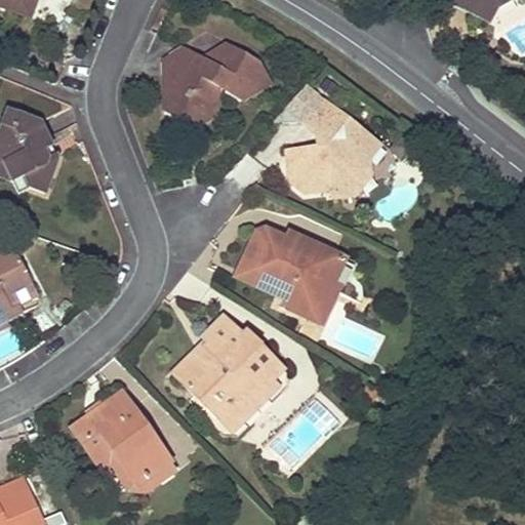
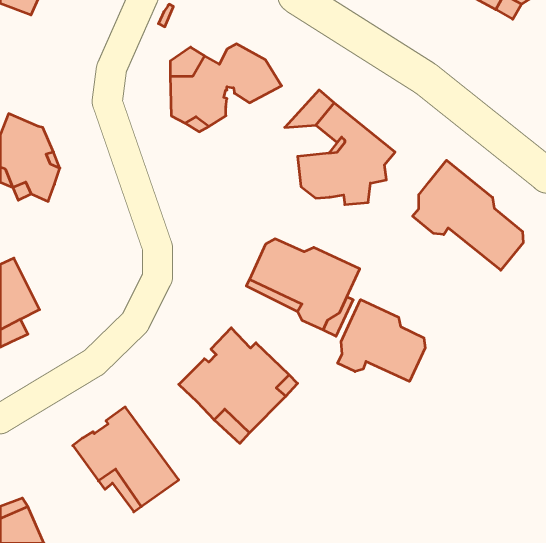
building: none -> [413,160,523,270]
building: none -> [338,300,425,381]

